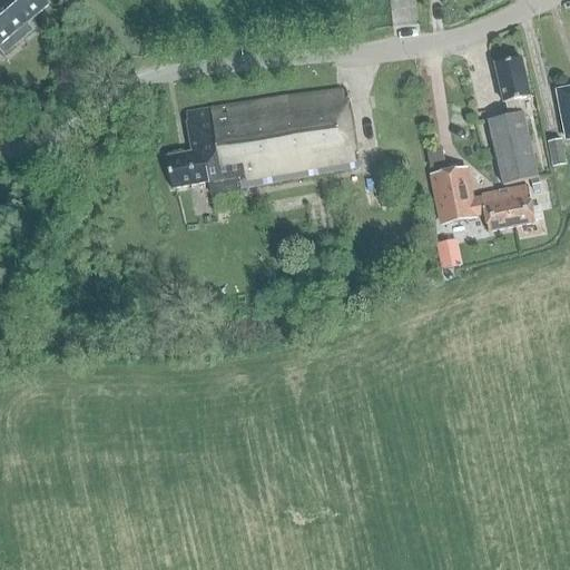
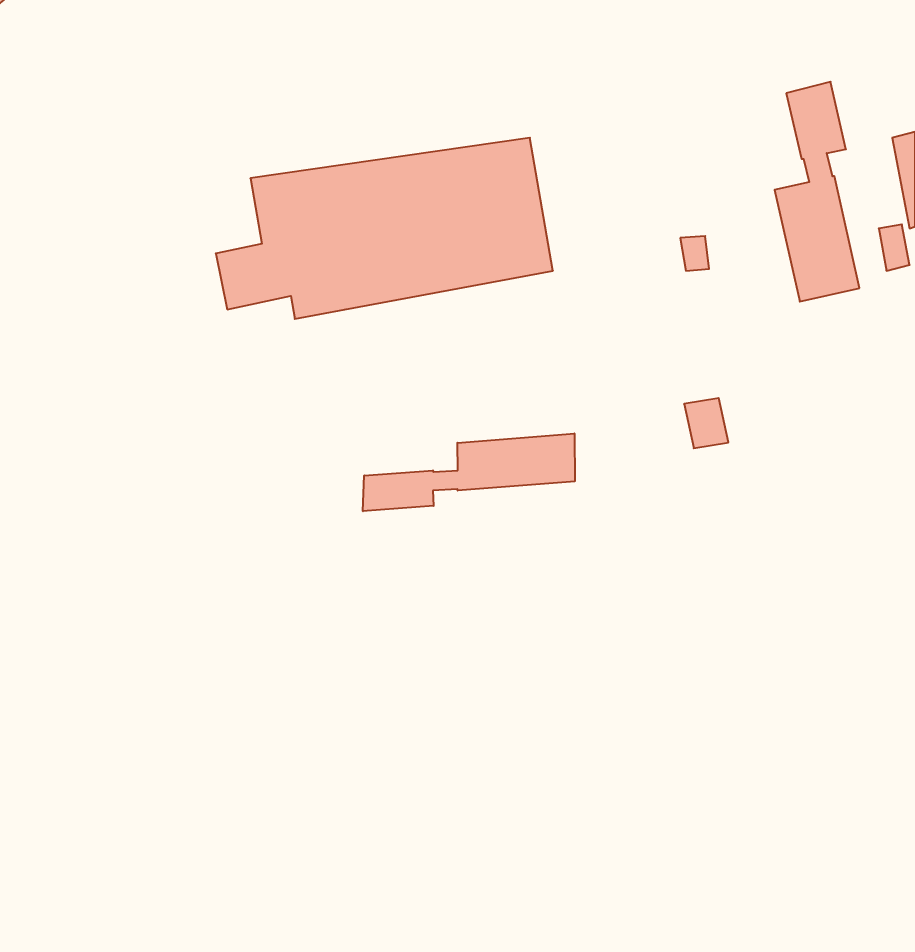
building: [432,166,534,228] -> none
building: none -> [363,433,575,511]

